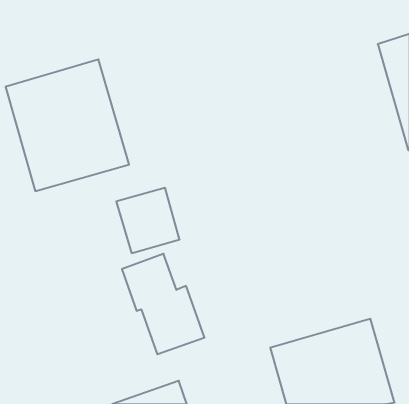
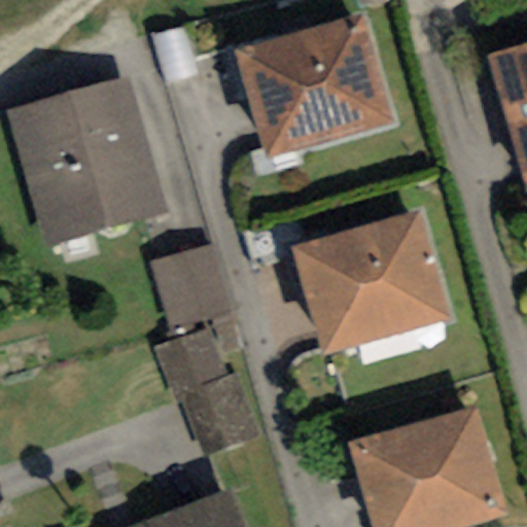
building: none -> [235,15,392,160]
building: none -> [290,210,452,356]

